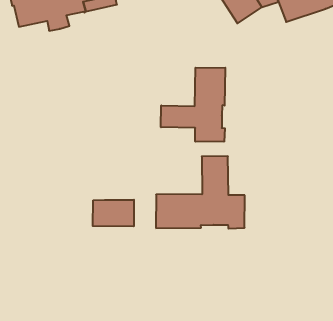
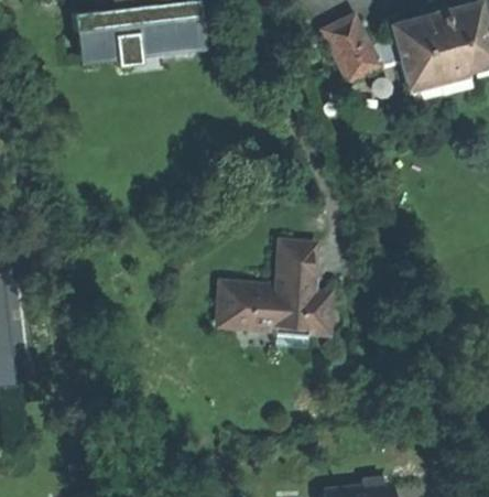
building: [161,68,225,142] -> none
building: [93,200,134,226] -> none

